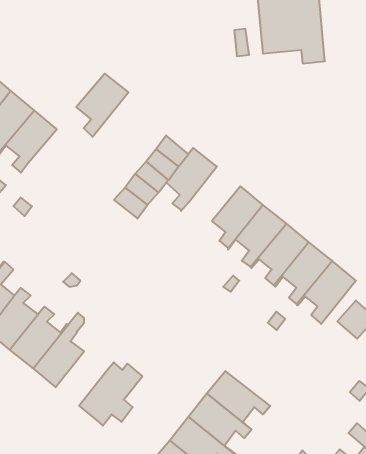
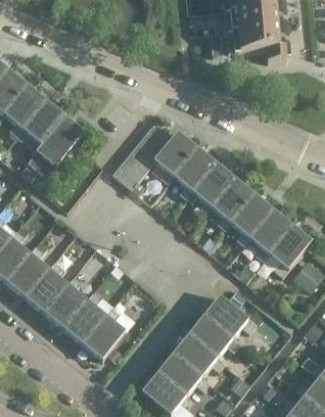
building: [76,74,128,137] -> [41,115,84,168]
building: none -> [173,146,216,198]
building: none -> [63,292,105,343]
building: none -> [203,294,256,343]

